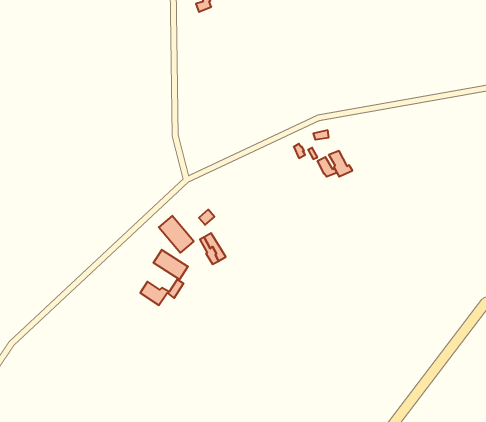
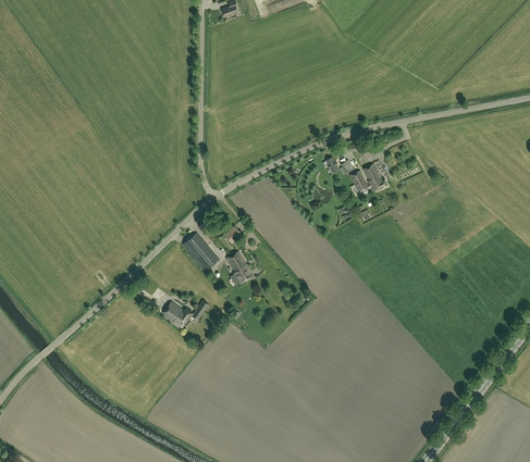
building: [153,250,188,279] -> none

